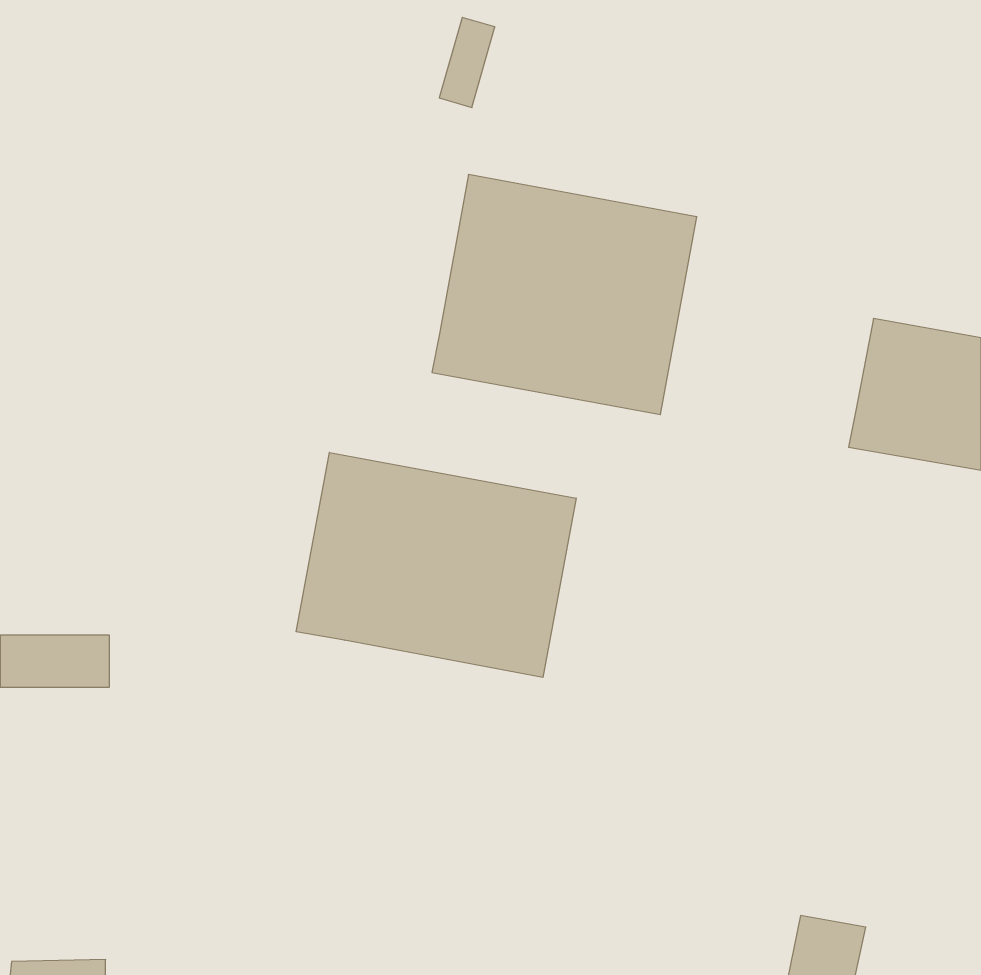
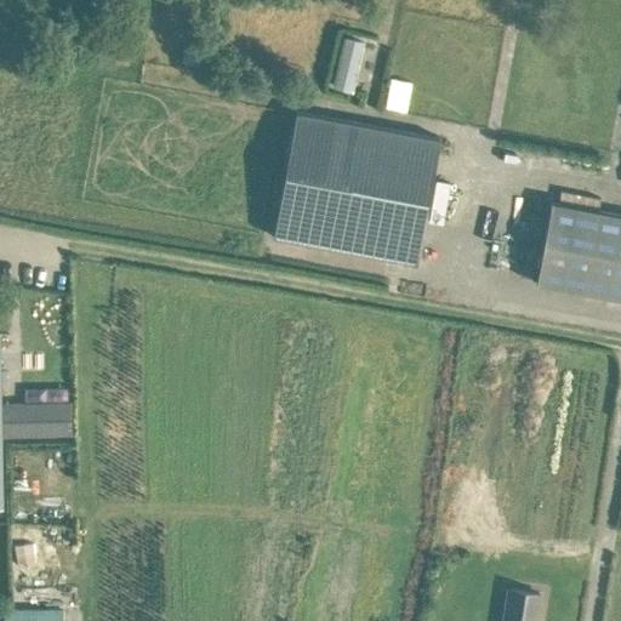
building: [439,17,495,108] -> [334,38,369,95]
building: [296,452,576,677] -> none

